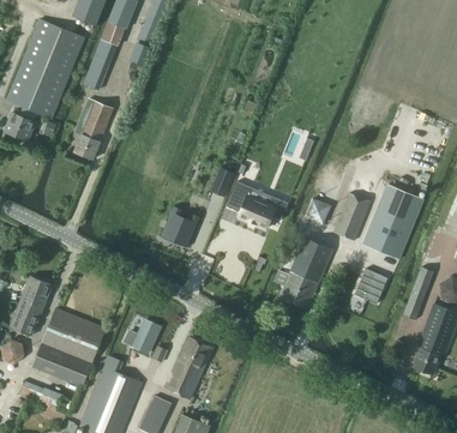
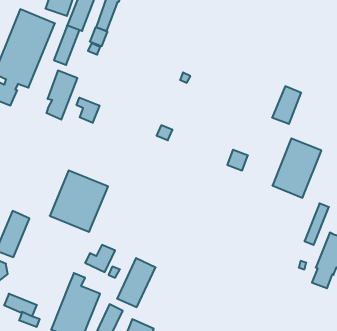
building: none -> [77,98,99,123]
building: [230,181,288,228] -> none
building: [331,192,368,240] -> [272,86,301,124]
building: [161,206,199,247] -> none
building: [273,237,330,308] -> none
building: [357,266,392,309] -> none
building: [31,308,106,386] -> [50,170,108,232]

